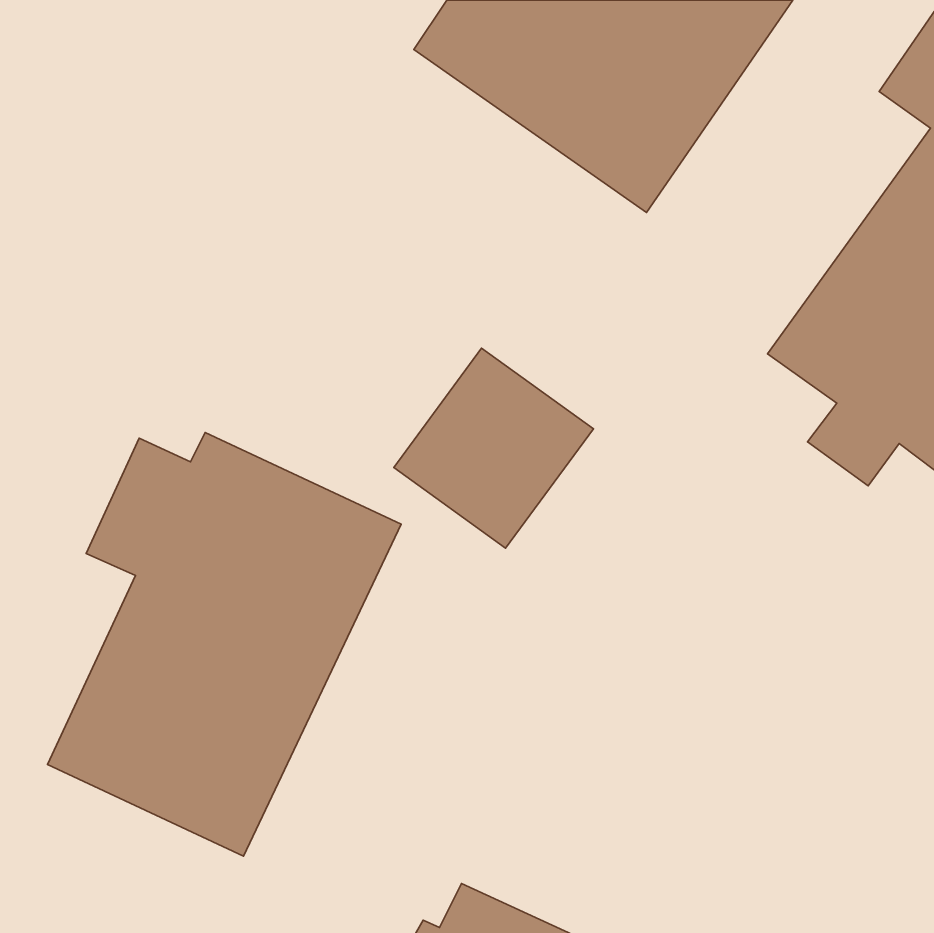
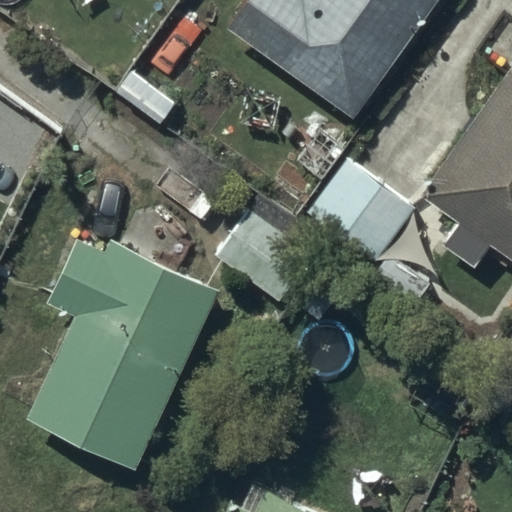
building: none -> [306,157,415,264]

